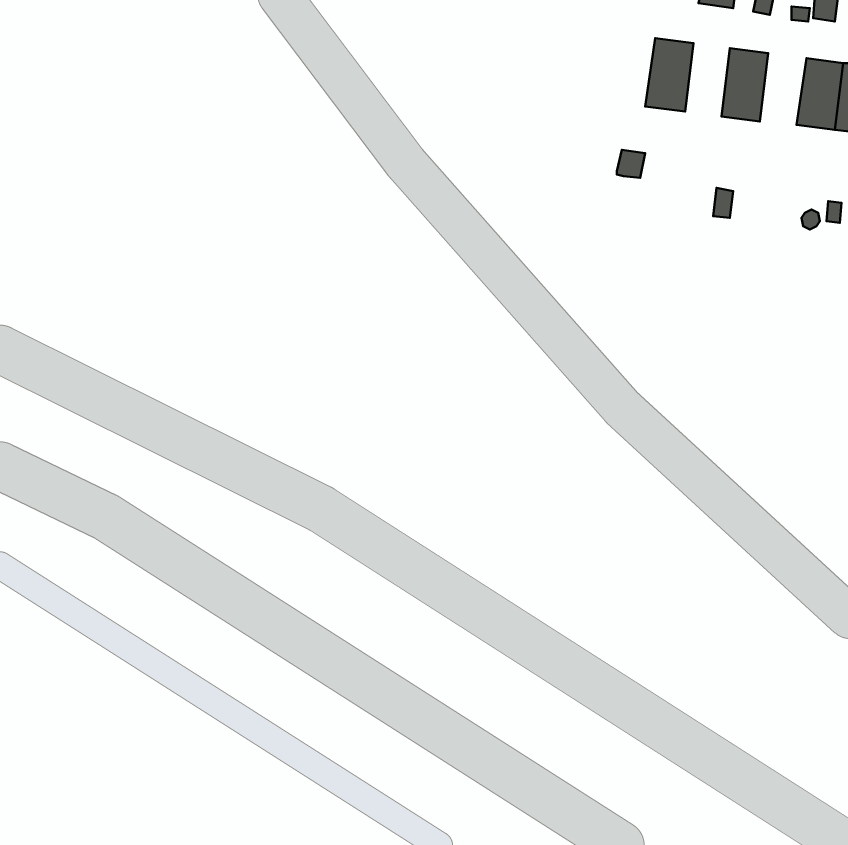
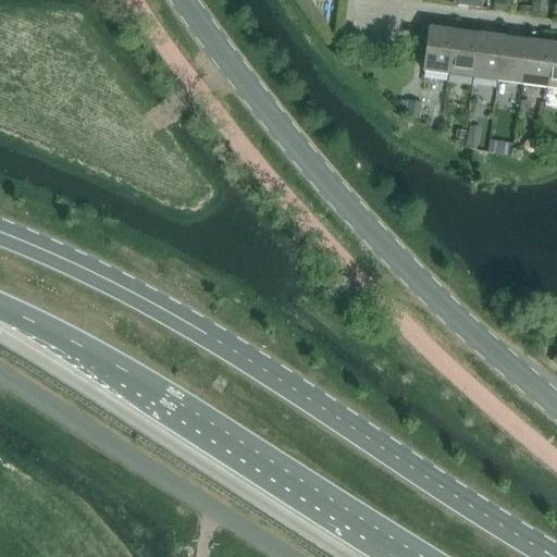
building: none -> [449,28,479,76]
building: none -> [498,35,529,82]

